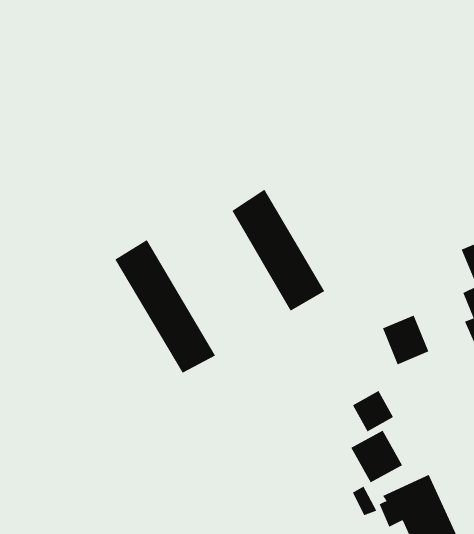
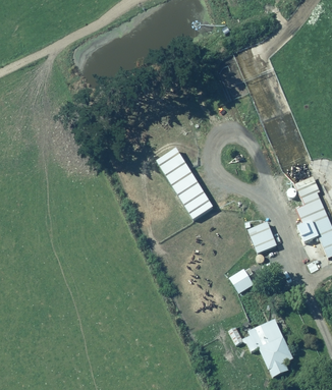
building: [114,239,216,373] -> none
building: [351,430,403,483] -> none

